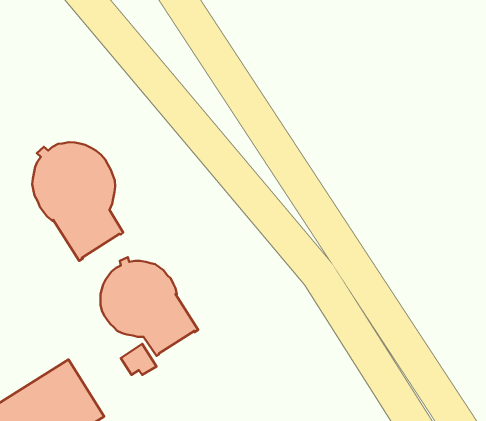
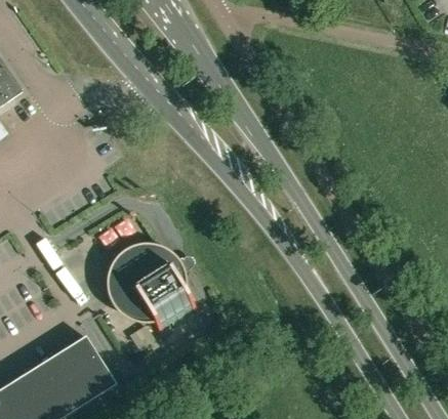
building: [32,142,123,261] -> none

